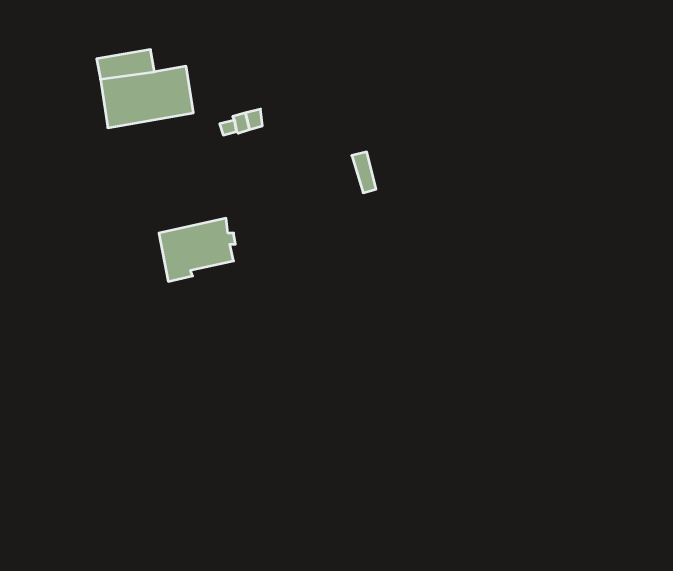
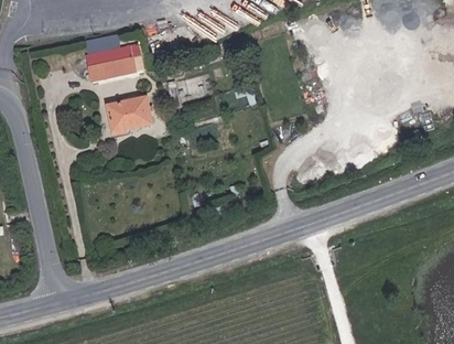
building: [159,218,235,281] -> [106,93,151,130]

